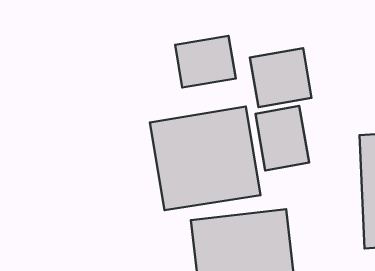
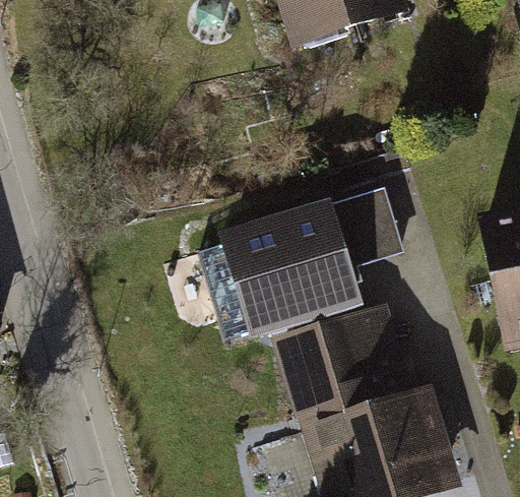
building: [175,36,236,87] -> none
building: [250,48,312,107] -> none

